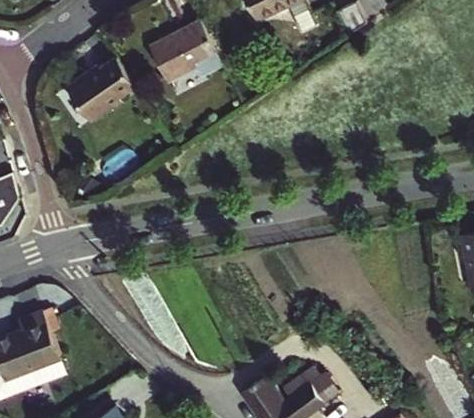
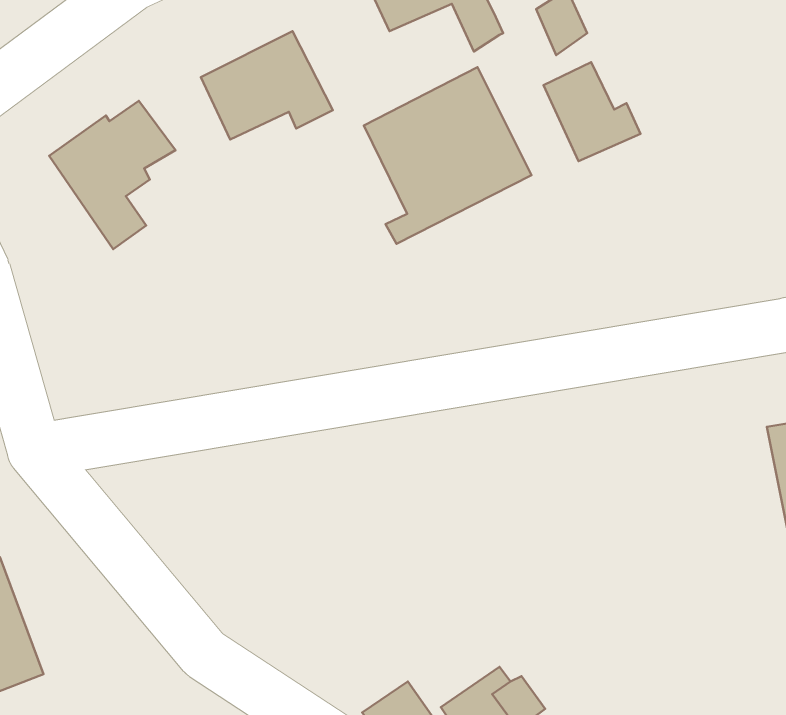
building: none -> [544,62,640,161]
building: none -> [364,67,532,244]

